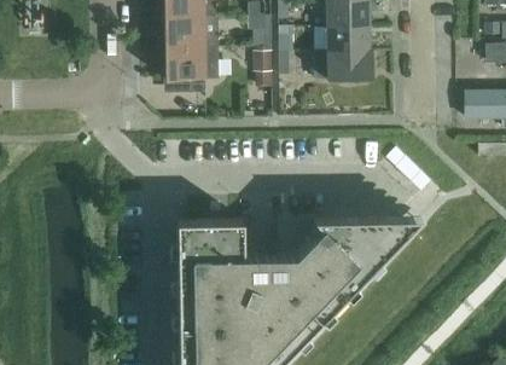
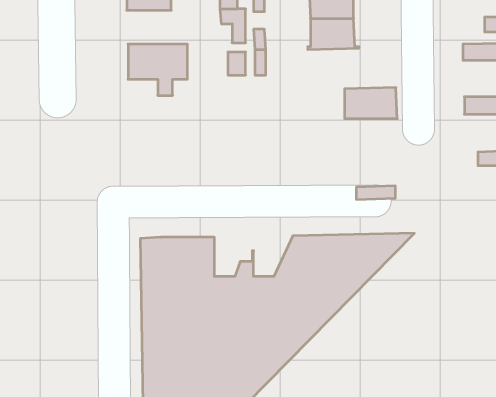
building: [164,17,219,47] -> none
building: [326,51,373,79] -> [345,88,397,119]

